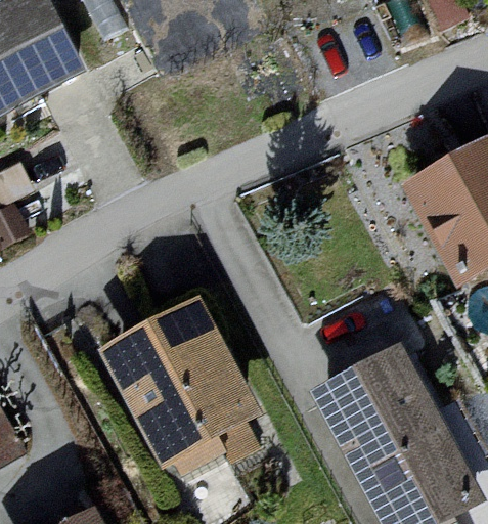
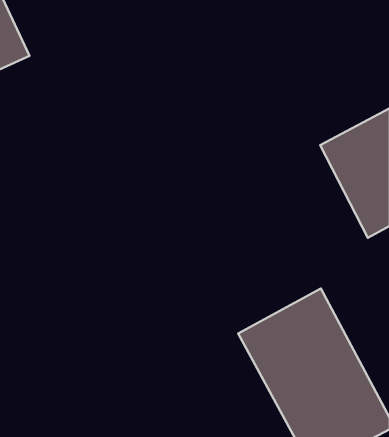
building: [102,301,265,471] -> none

